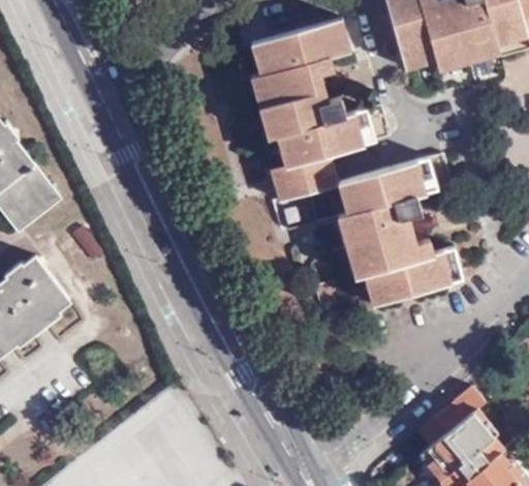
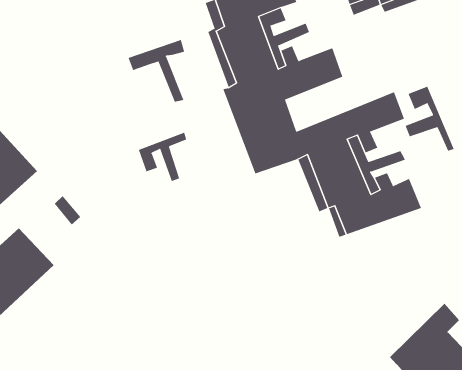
building: none -> [128,39,185,103]
building: none -> [405,86,455,151]
building: none -> [138,132,187,182]

